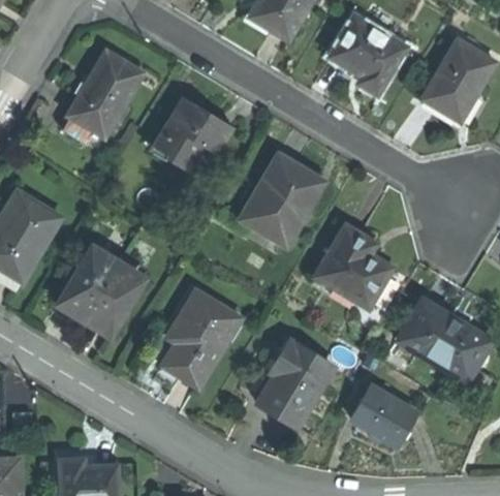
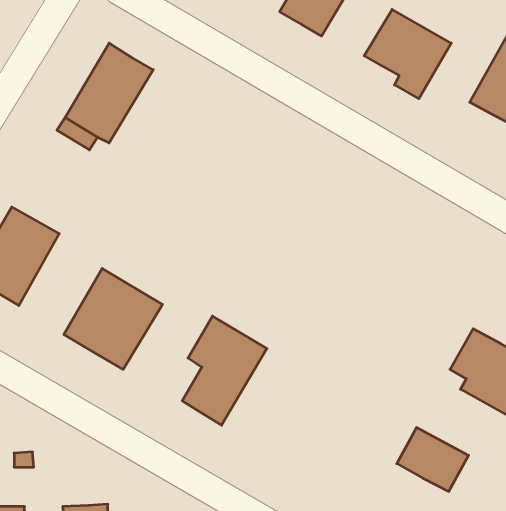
building: [153,97,236,167] -> none
building: [240,154,321,243] -> none
building: [317,226,394,308] -> none
building: [259,341,334,427] -> none

